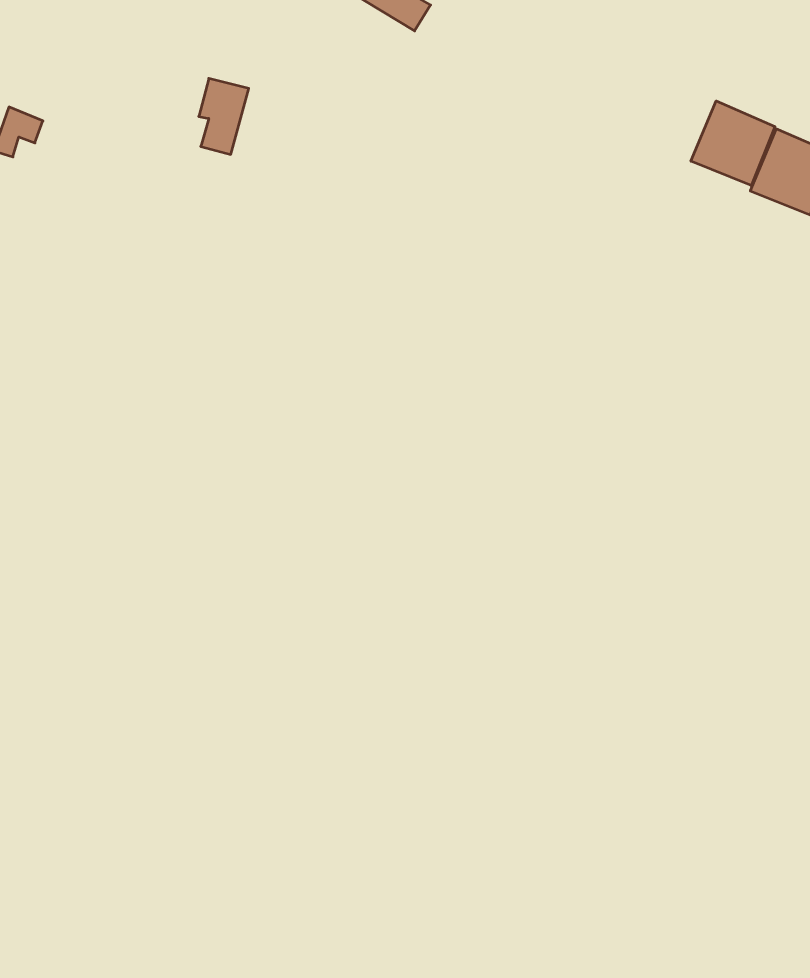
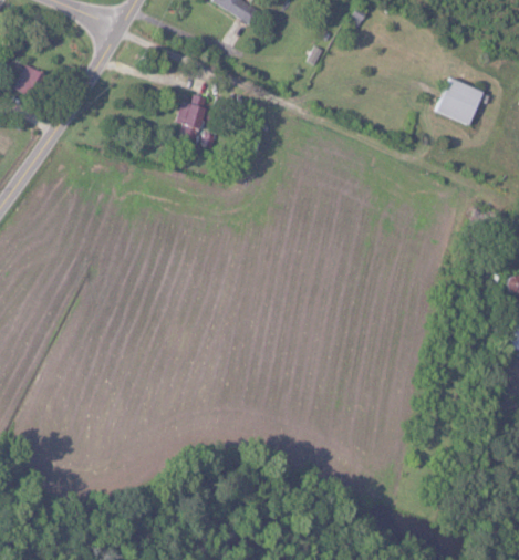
building: [199,78,249,154] -> [178,102,206,144]
building: [691,101,775,186] -> none

